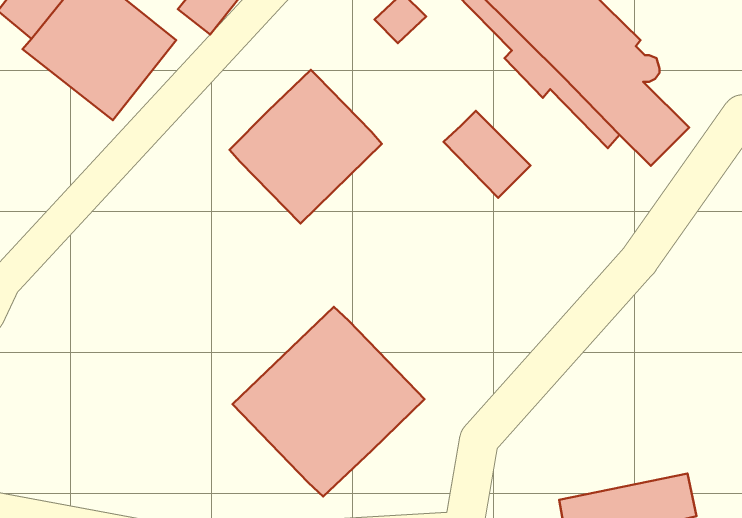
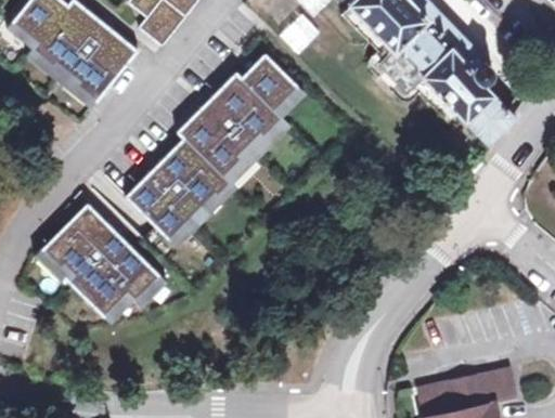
building: [443,111,531,198] -> [241,52,305,116]
building: none -> [125,138,234,246]
building: none -> [37,201,167,324]
building: [233,307,424,496] -> none

